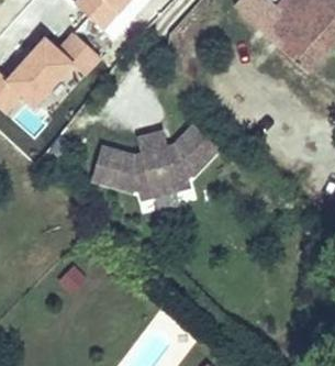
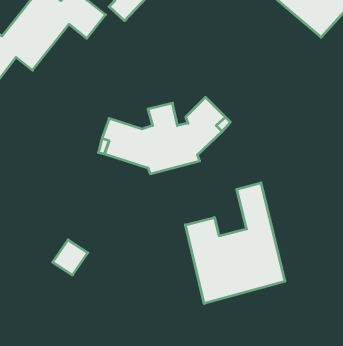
building: none -> [185,183,285,304]

